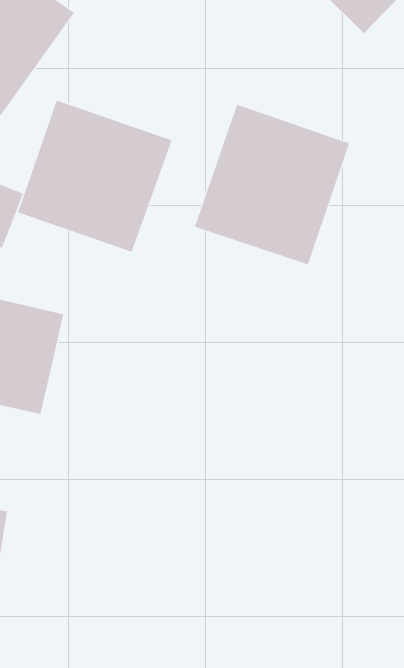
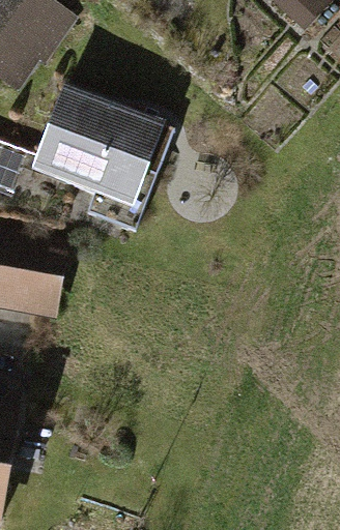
building: [194,104,350,265] -> none

